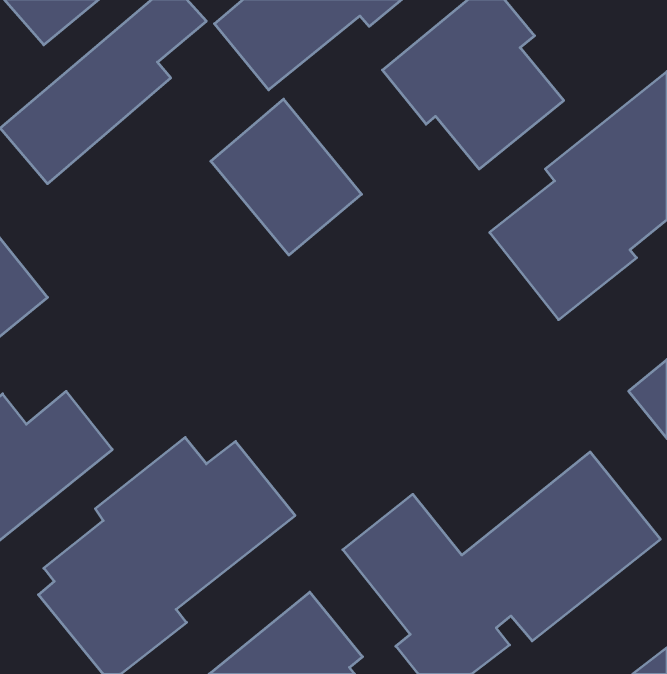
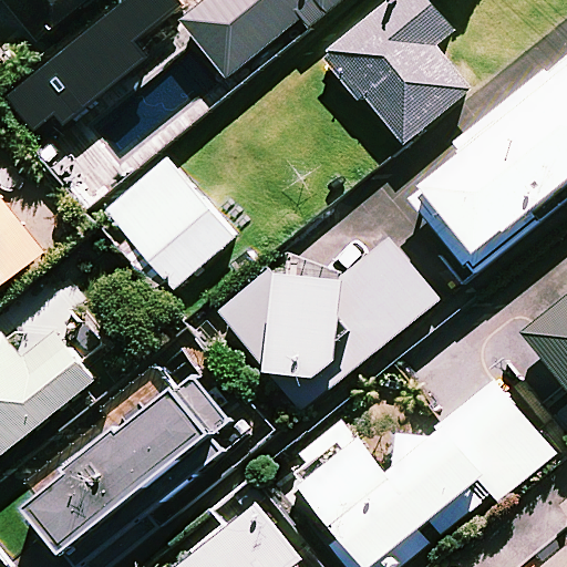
building: [211,99,362,255] -> [103,157,229,288]
building: none -> [220,234,440,408]

